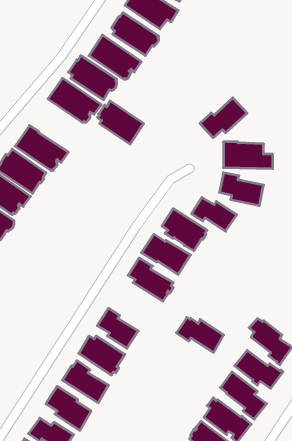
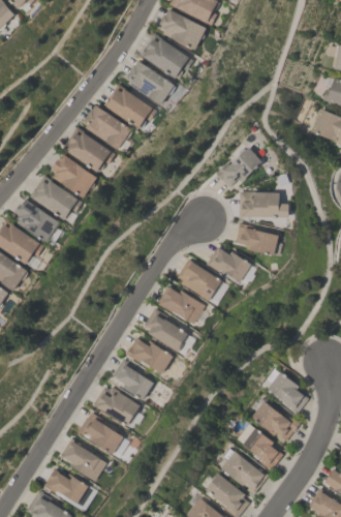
building: [97,101,144,144] -> [51,154,97,197]
building: [176,317,224,352] -> [125,338,173,373]

